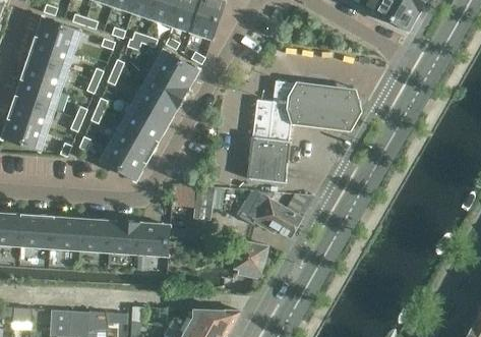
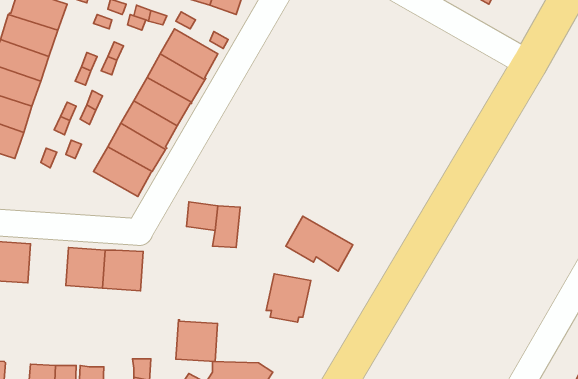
building: [246,79,362,183] -> none
building: [49,217,80,249] -> none
building: [136,223,169,256] -> [176,320,218,362]

